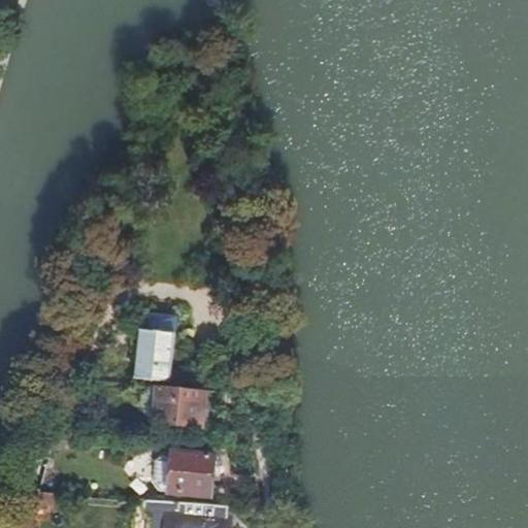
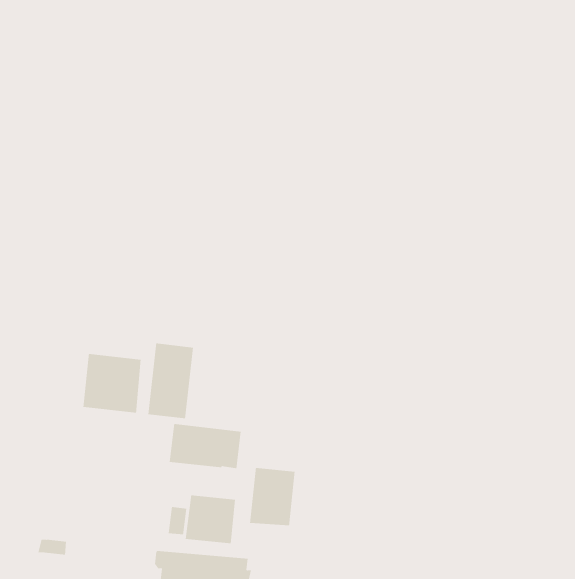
building: none -> [83,353,141,414]
building: none -> [250,467,295,526]

